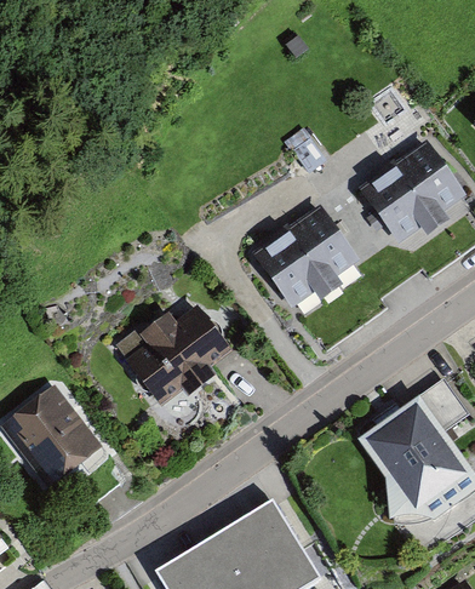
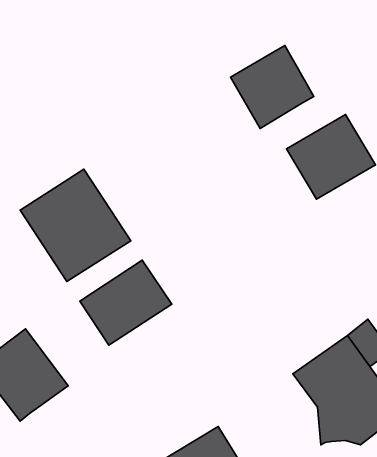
building: none -> [231,46,314,129]
building: [242,204,353,307] -> none
building: none -> [20,169,131,282]

